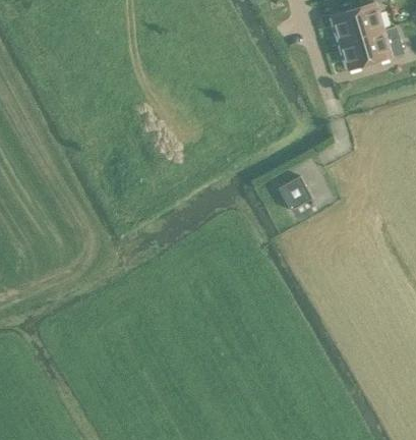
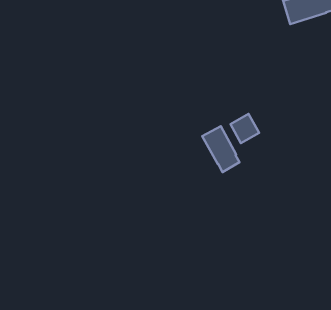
building: none -> [202,126,240,172]

